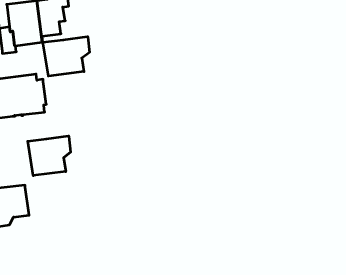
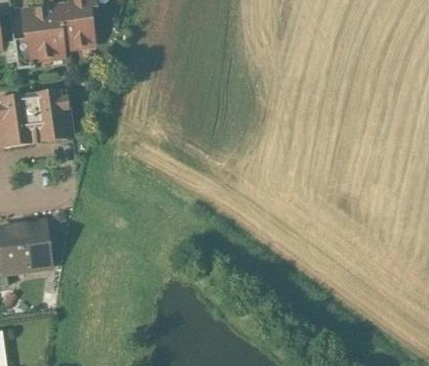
building: [43,37,89,76] -> none
building: [28,136,71,176] -> none

